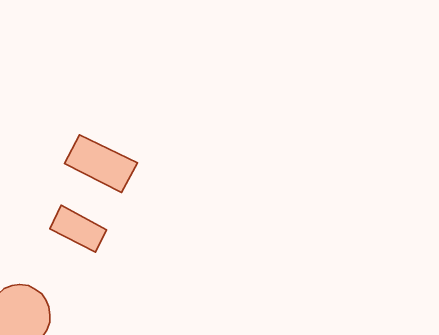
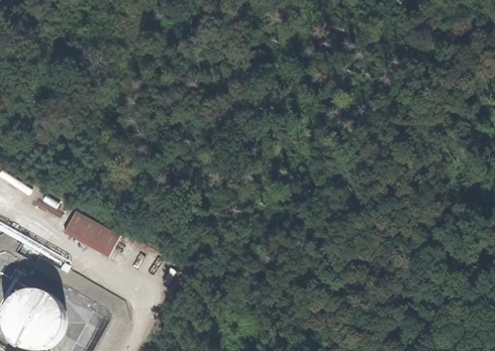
building: [65,135,137,193] -> none

